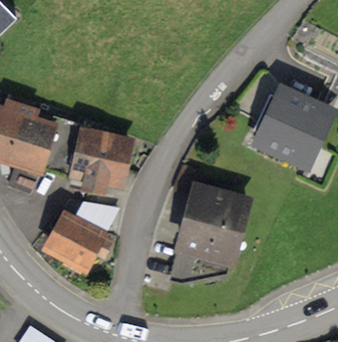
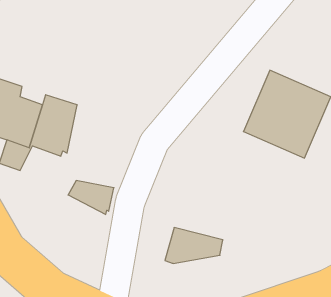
building: [75,117,126,190] -> none
building: [181,188,245,258] -> none
building: [48,215,108,264] -> none

